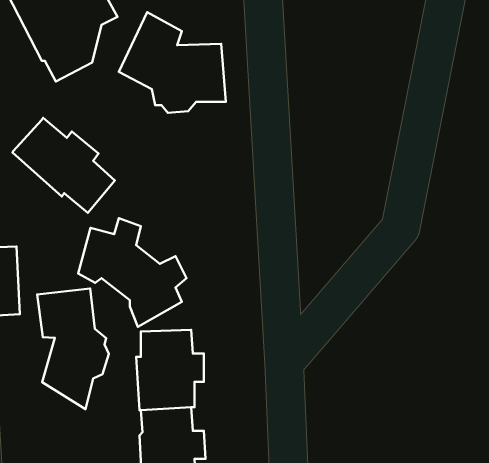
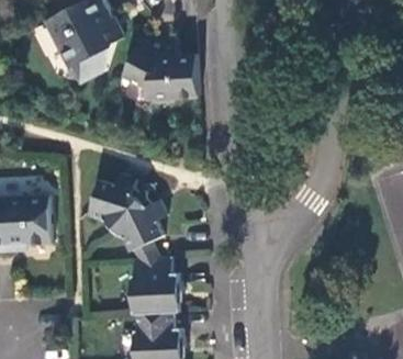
building: [12,118,115,213] -> none
building: [37,289,109,409] -> none

